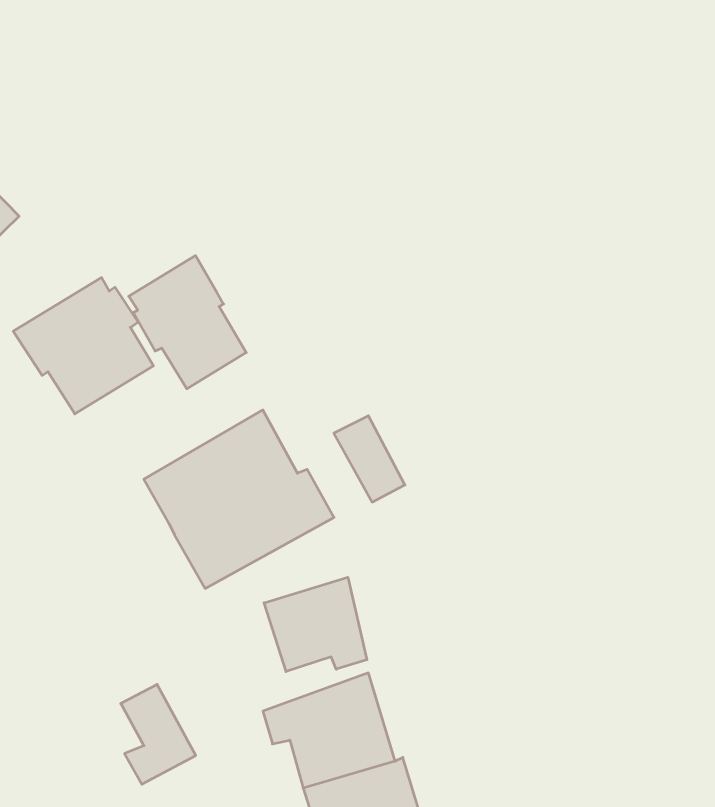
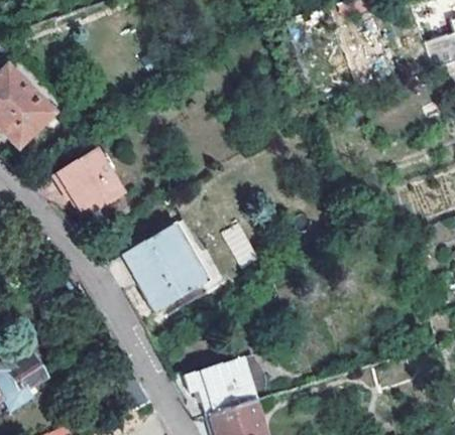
building: [129,256,246,389] -> none
building: [264,577,367,672] -> none

